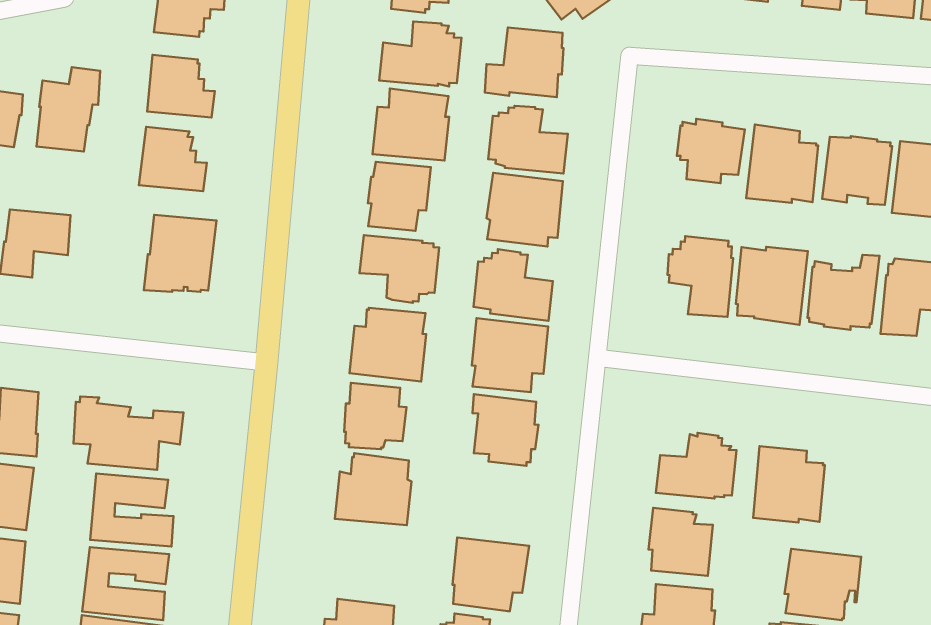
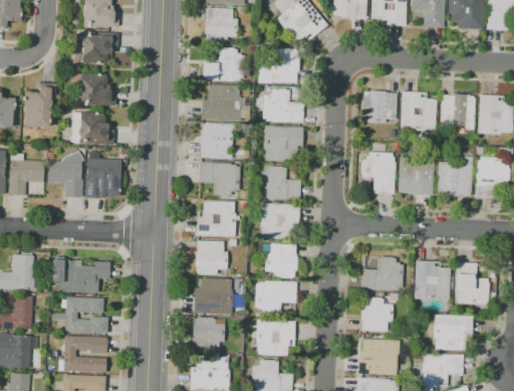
building: none -> [48,162,82,198]
building: none -> [456,263,489,305]
building: none -> [256,281,297,315]
building: none -> [193,318,225,352]

